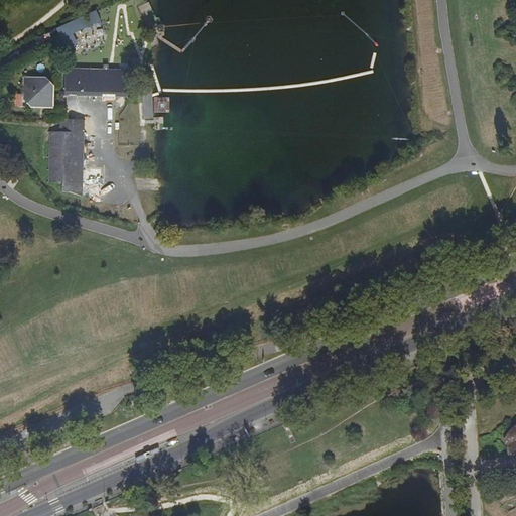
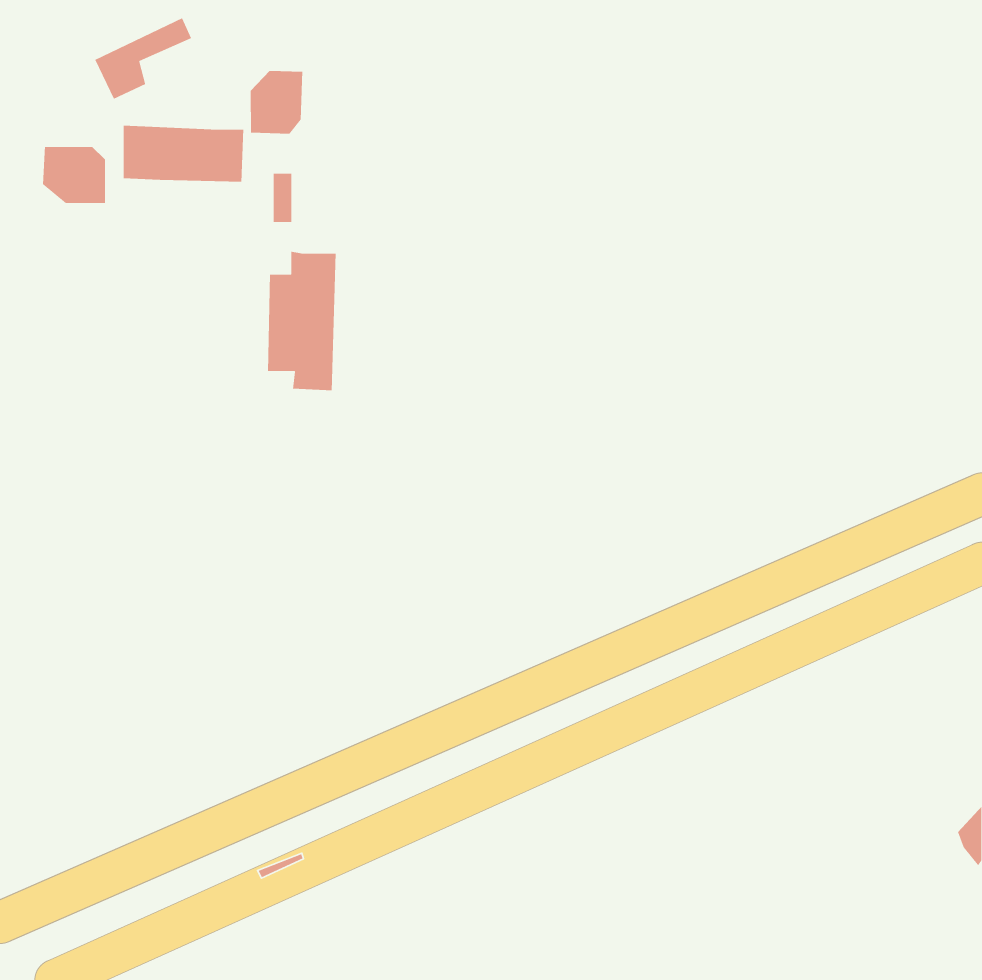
building: none -> [250,70,303,134]
building: [48,118,85,191] -> [267,251,336,391]

